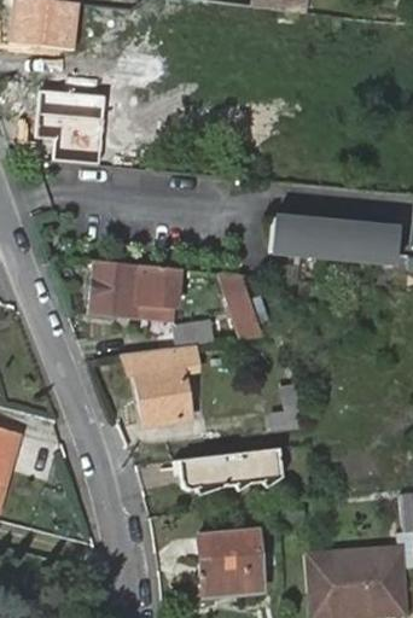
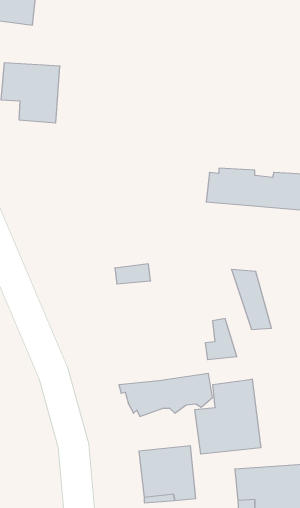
building: [87,262,190,320] -> none
building: [219,273,264,342] -> [231,269,271,329]
building: [133,350,213,426] -> none
building: none -> [195,379,261,454]

